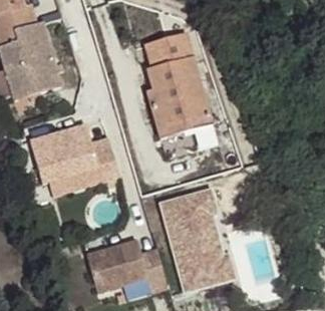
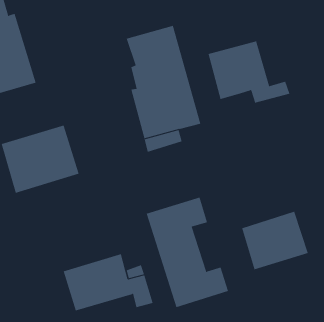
building: none -> [208,40,290,104]
building: none -> [242,211,308,270]

